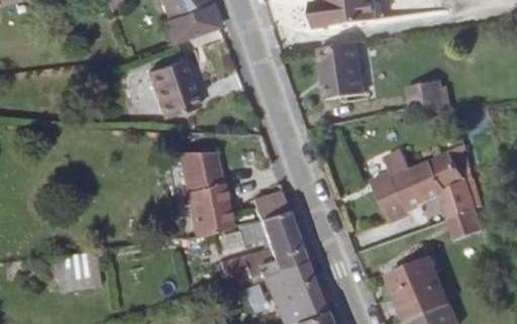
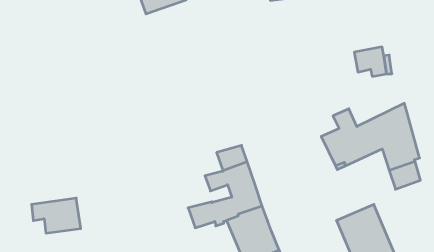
building: [320,42,365,99] -> none
building: [148,60,199,117] -> none
building: [179,151,232,237] -> none

